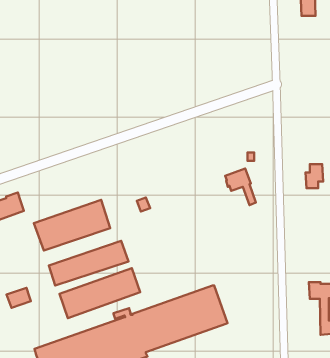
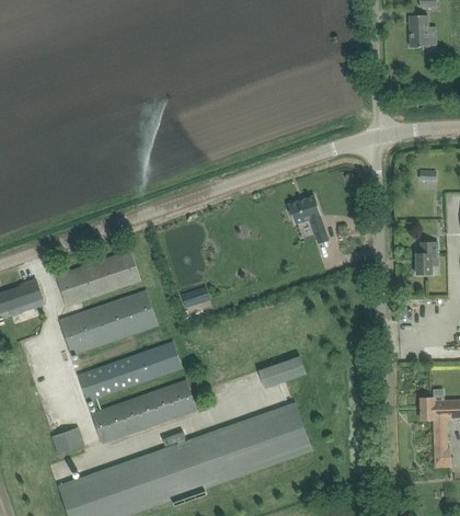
building: [225,168,256,205] -> [287,194,327,242]
building: none -> [56,249,141,306]
building: none -> [258,355,306,387]
building: [7,288,31,308] -> [51,426,83,452]

